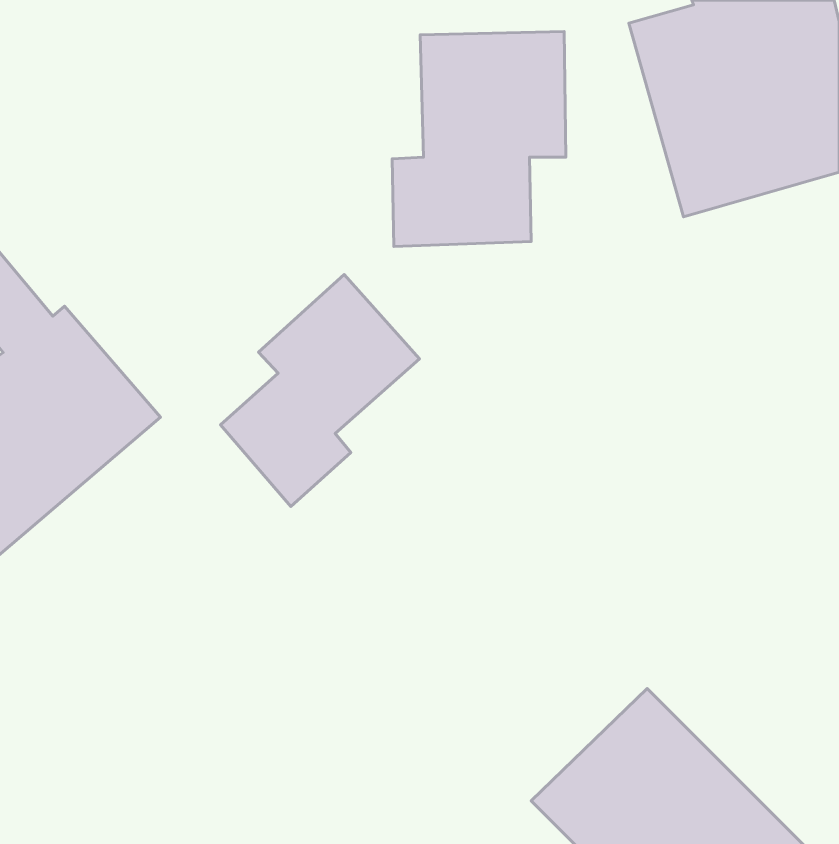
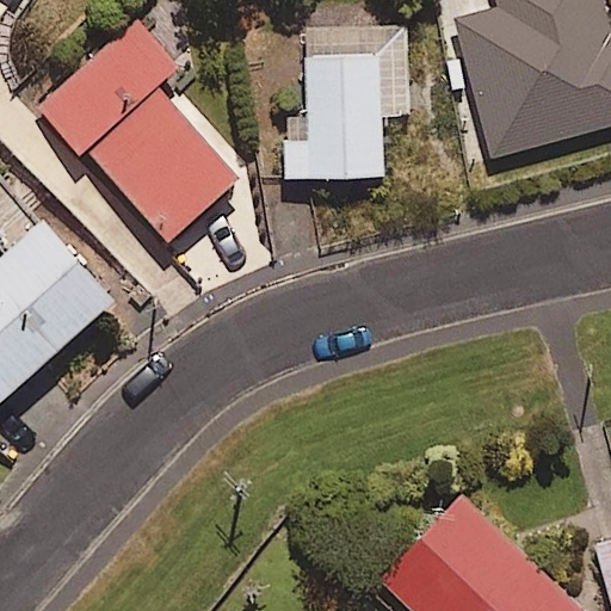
building: none -> [37,20,240,241]
building: [220,274,419,507] -> none

